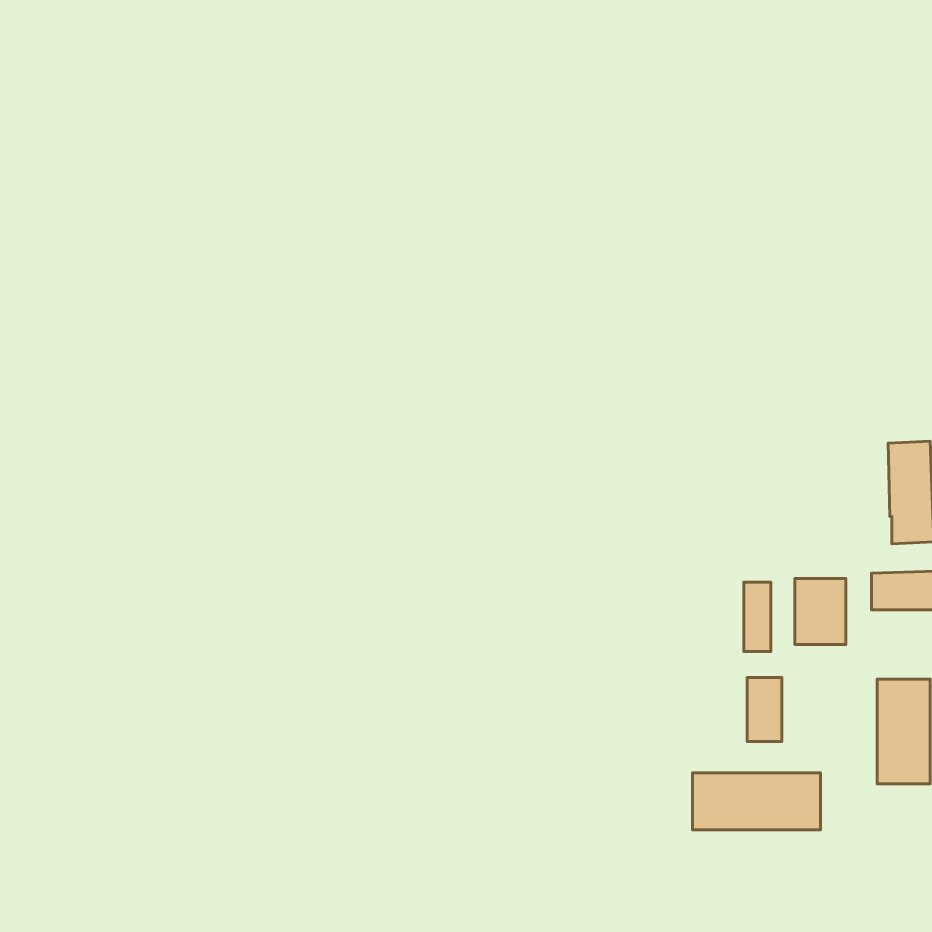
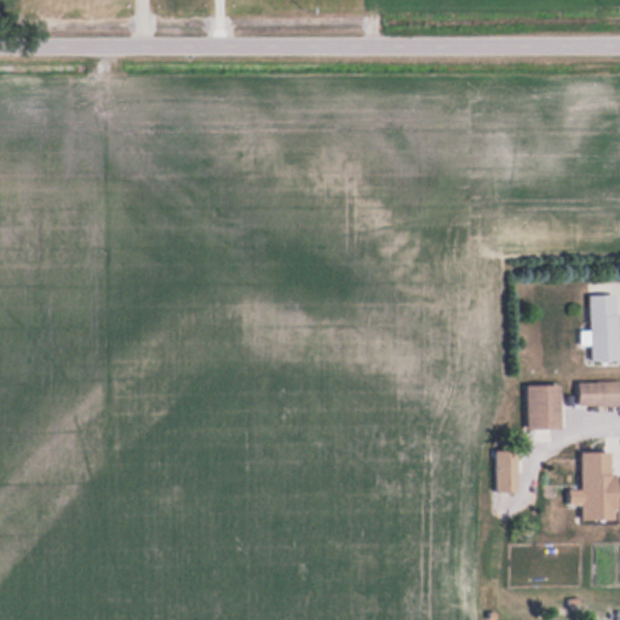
building: [744,582,771,652] -> none
building: [692,773,821,830] -> none

